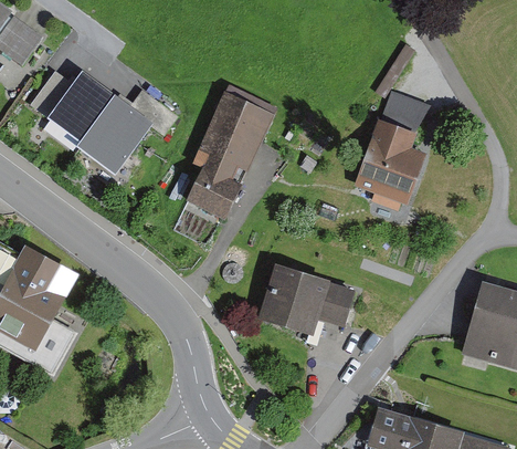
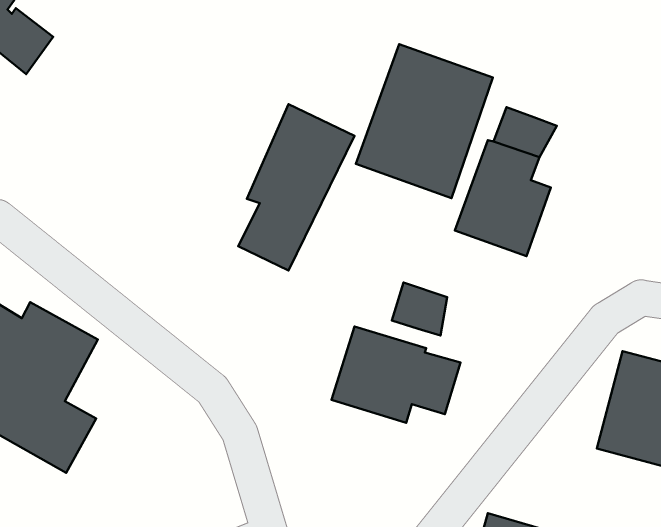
building: none -> [356,44,493,198]
building: [31,69,178,173] -> none
building: none -> [392,282,447,335]

